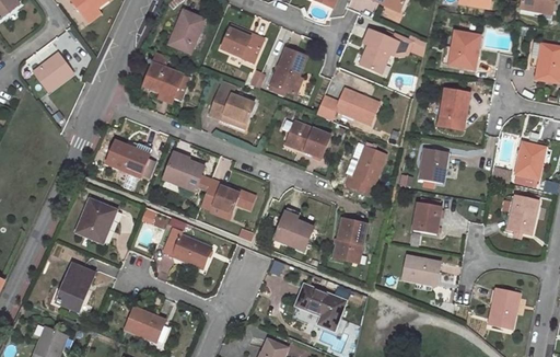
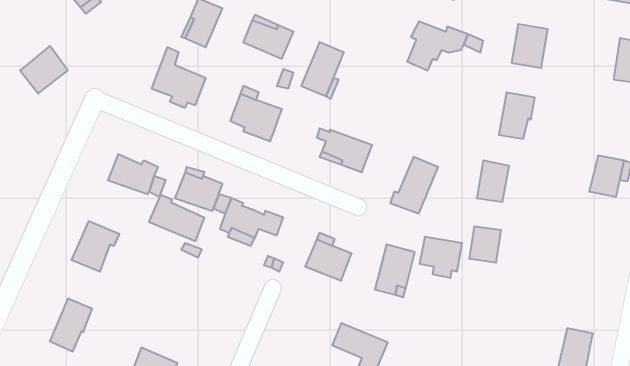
building: [315,88,378,124] -> none
building: [508,197,537,234] -> none
building: [163,229,210,268] -> [149,195,204,241]
building: [401,256,438,291] -> [420,237,462,278]

